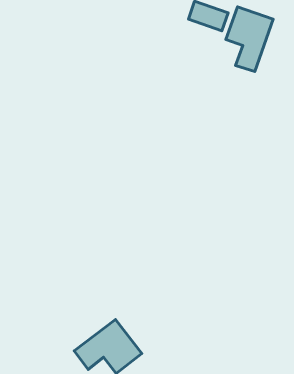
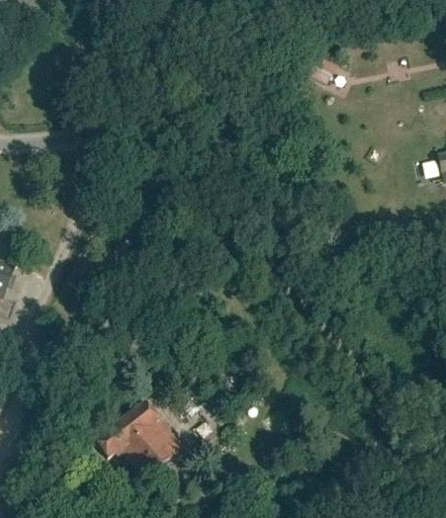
building: [226,7,273,72] -> none

